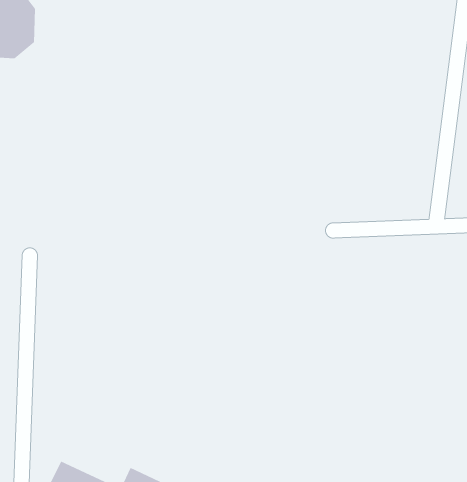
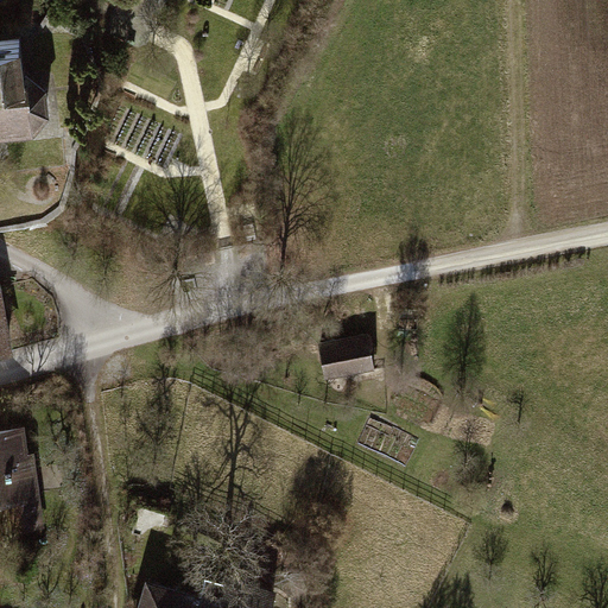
building: none -> [316,337,369,382]

